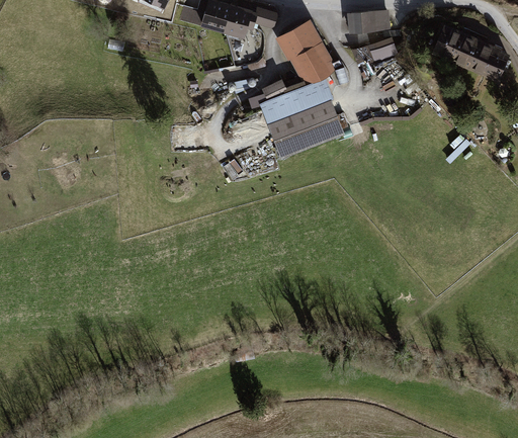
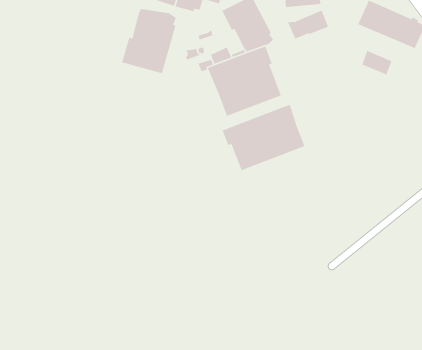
building: none -> [121,8,177,74]
building: none -> [361,50,392,76]
building: none -> [222,104,306,171]

